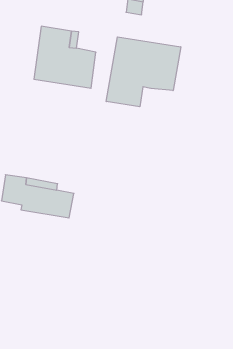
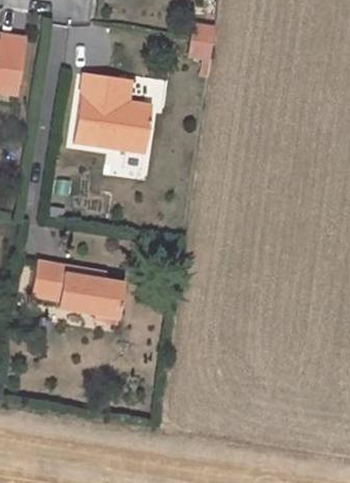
building: [106,37,181,107] -> none

